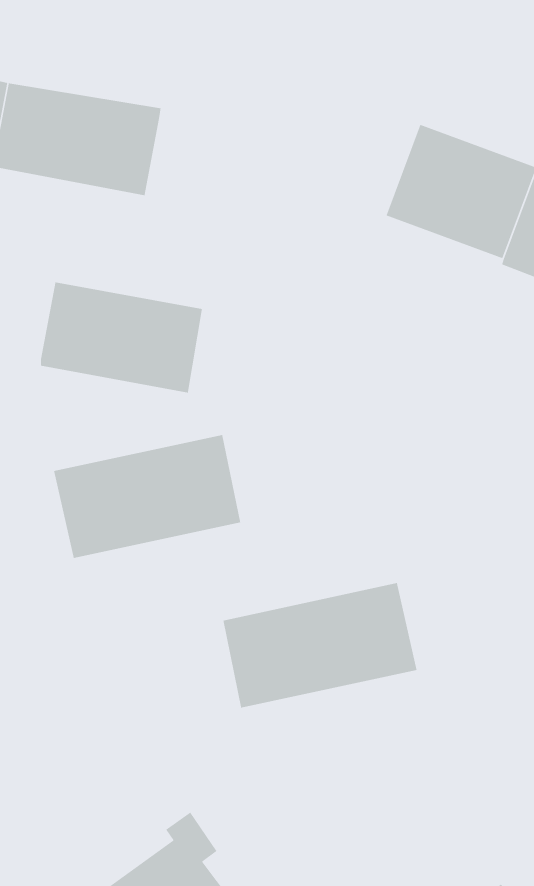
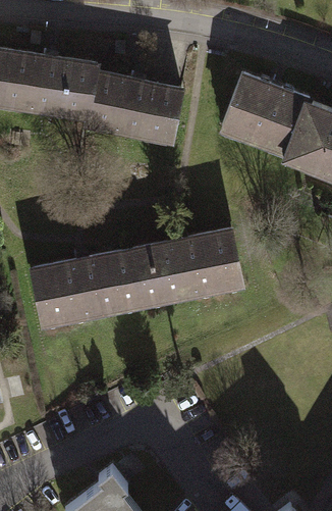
building: [40,282,203,393] -> [88,74,179,138]
building: [222,582,417,708] -> [131,232,241,303]

